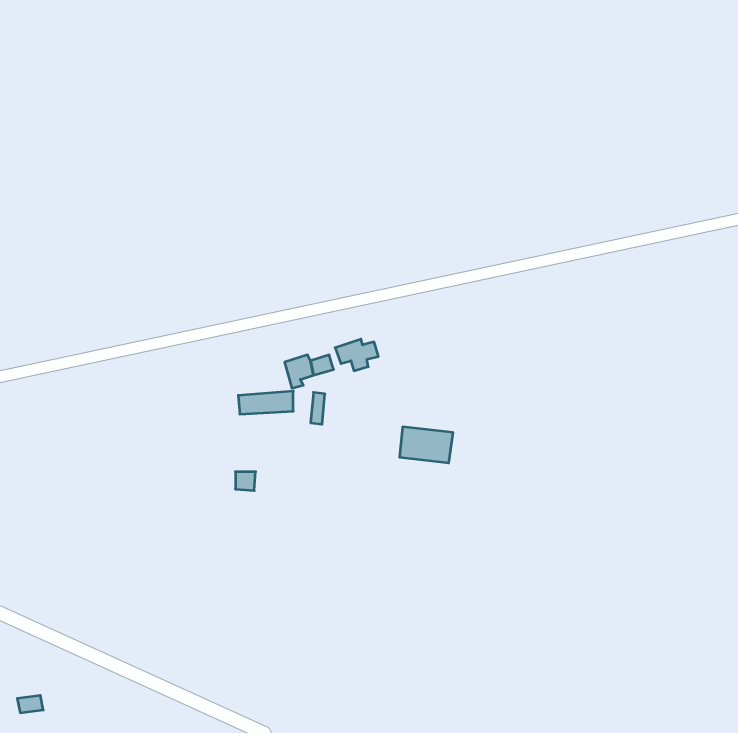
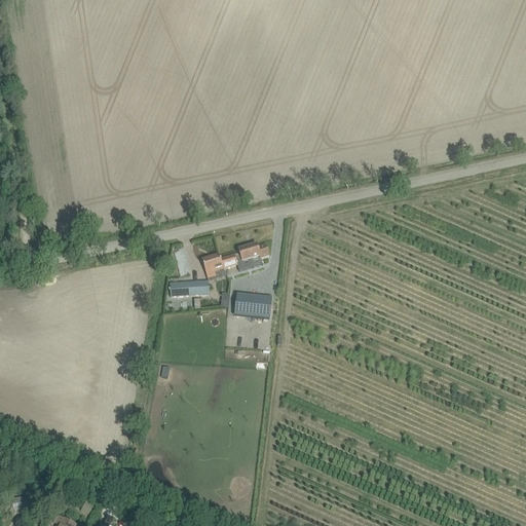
building: [400,427,453,463] -> [234,292,272,317]

